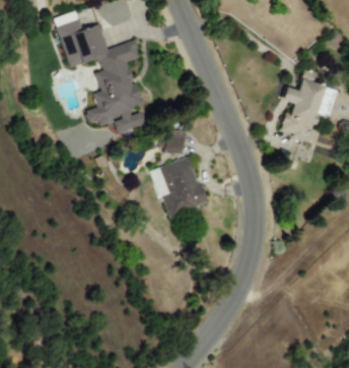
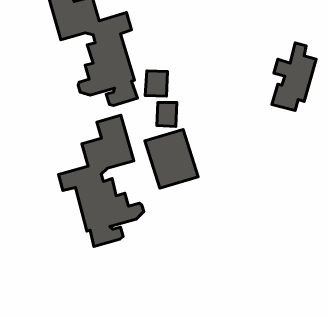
building: none -> [145,71,167,96]
building: none -> [59,115,144,247]

